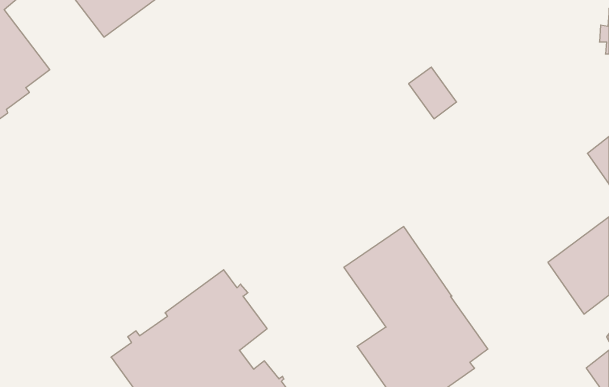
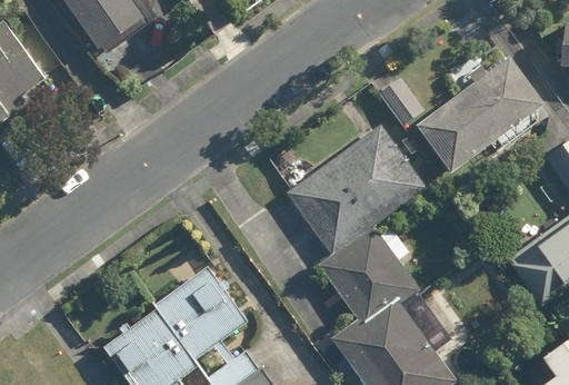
building: none -> [417,57,545,172]
building: none -> [287,126,426,255]

